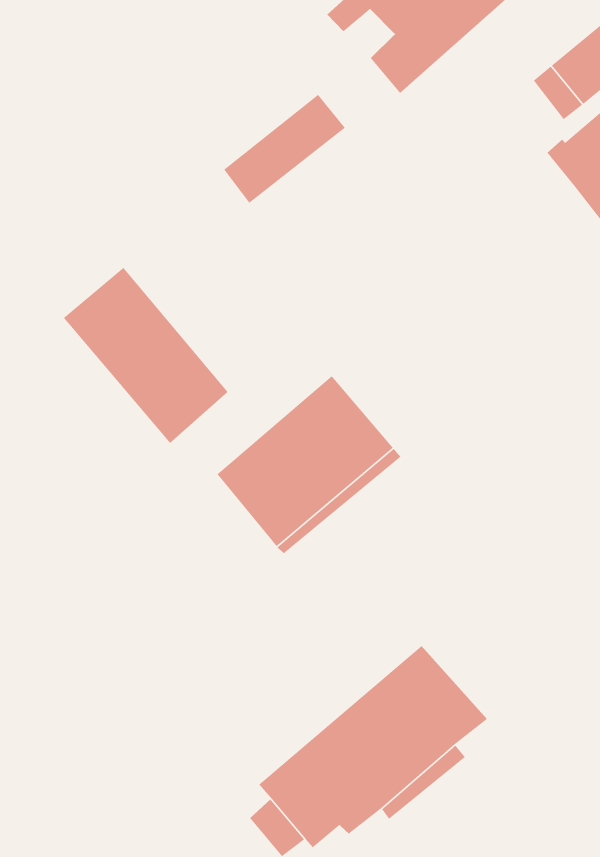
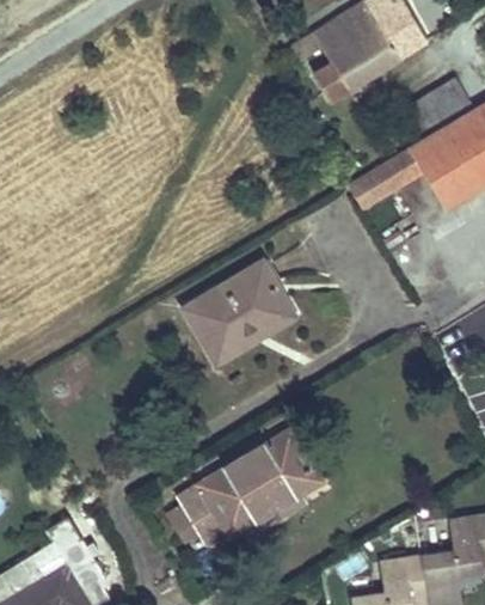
building: [223,94,346,204] -> [348,148,424,207]
building: [63,267,229,444] -> none

